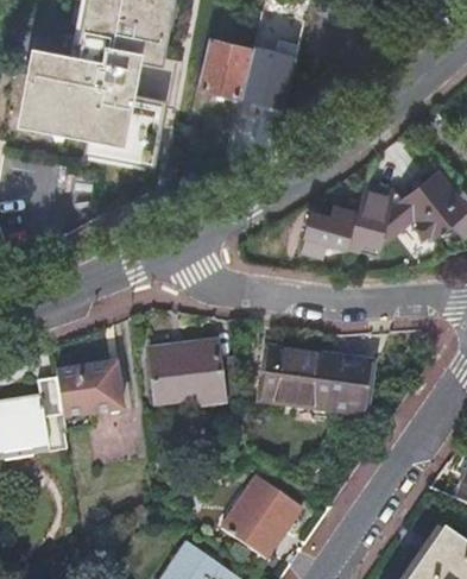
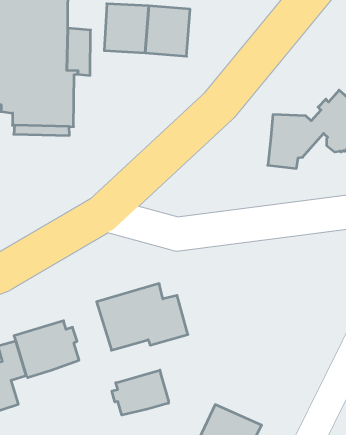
building: [305,206,358,254] -> none
building: [260,348,368,414] -> none
building: none -> [112,370,169,415]

